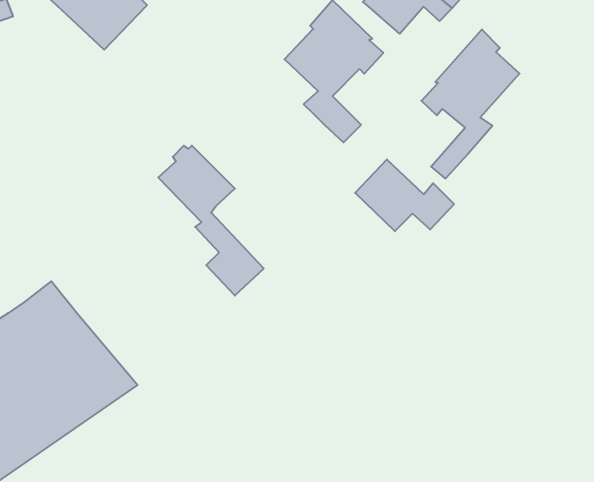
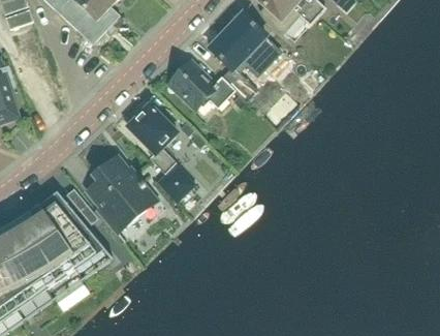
building: [421,29,520,179] -> none
building: [355,159,454,231] -> [170,62,234,109]
building: none -> [87,155,158,233]

